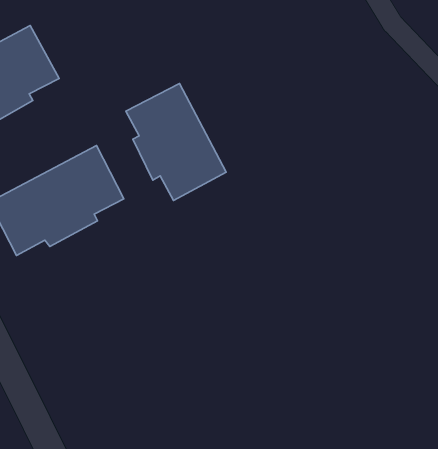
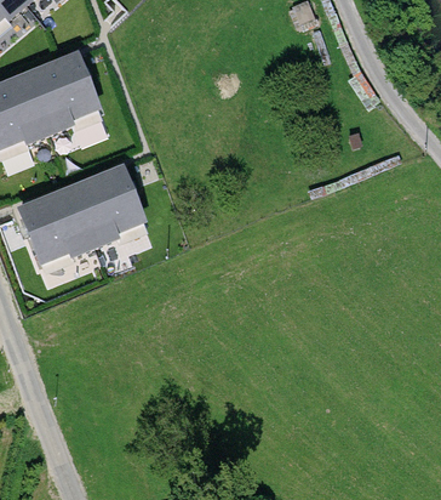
building: [126,84,226,200] -> none

